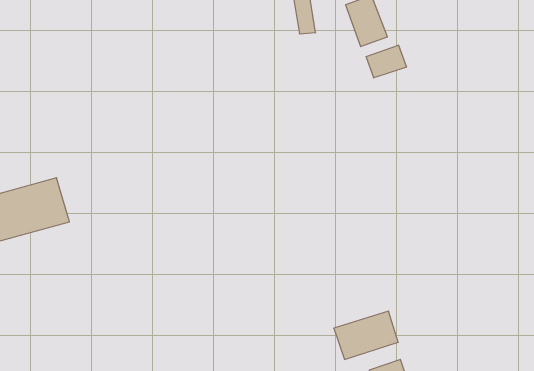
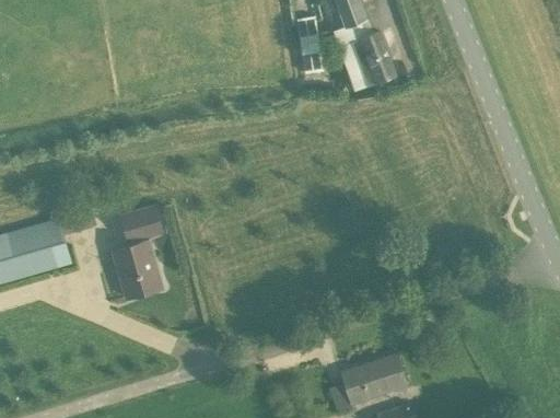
building: [366,45,406,78] -> none
building: none -> [113,208,162,298]

